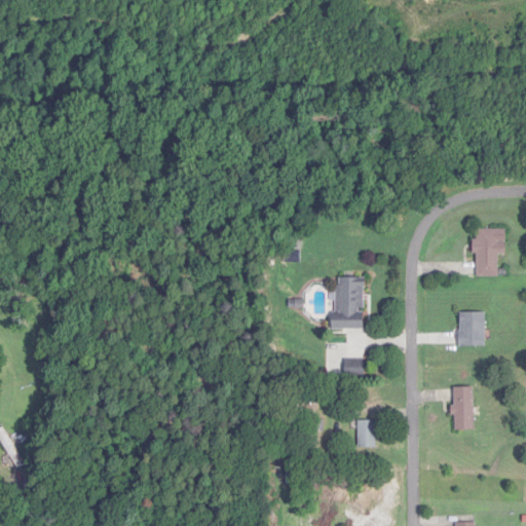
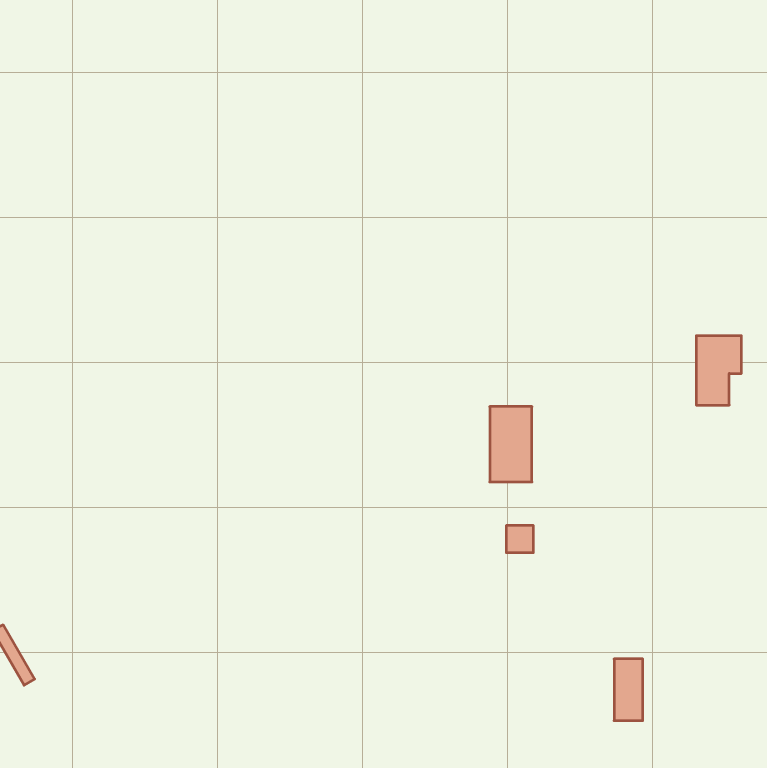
building: [458,312,484,345] -> none
building: [453,387,473,429] -> [614,659,643,721]
building: [359,420,375,447] -> none

